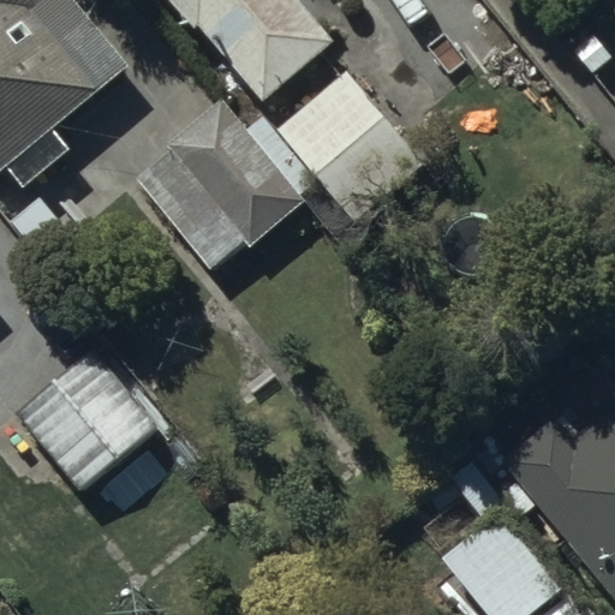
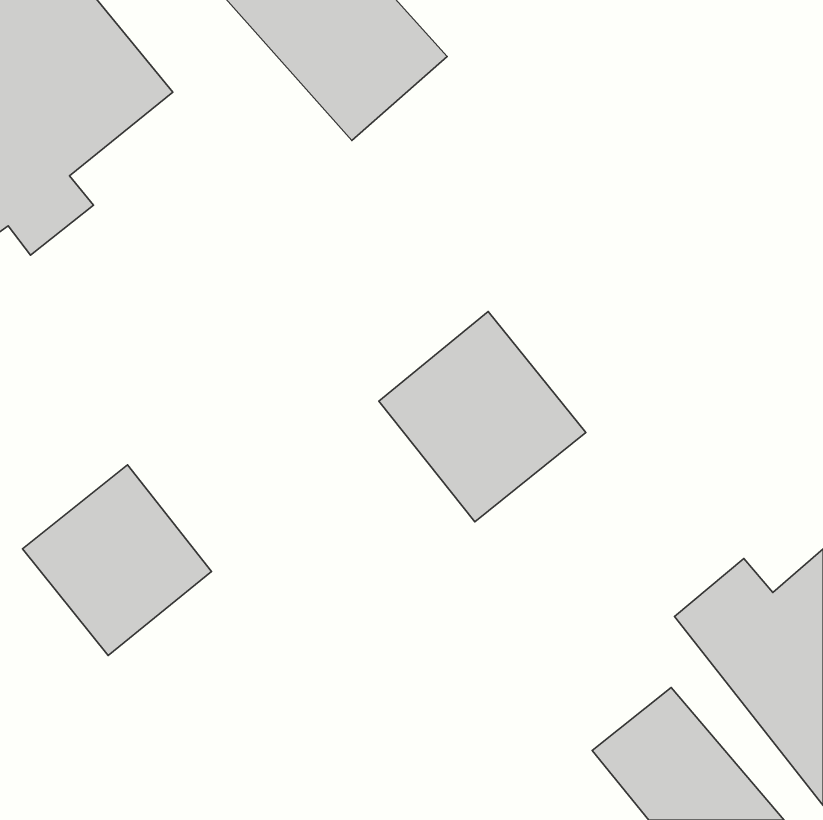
building: [137,73,424,269] -> none
building: none -> [379,312,586,522]

